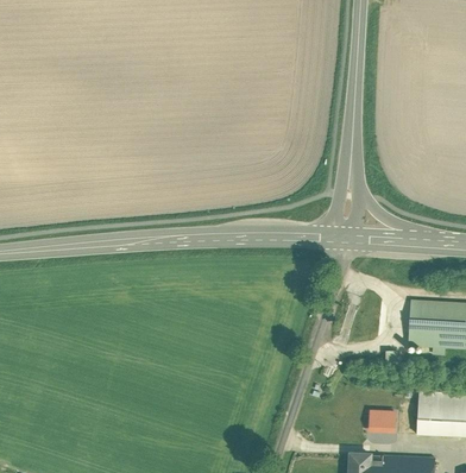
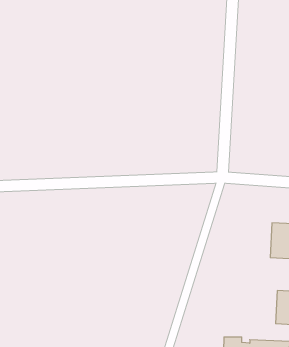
building: [372,411,399,434] -> none

